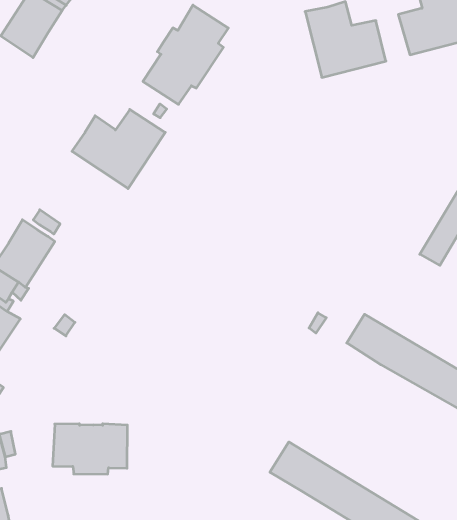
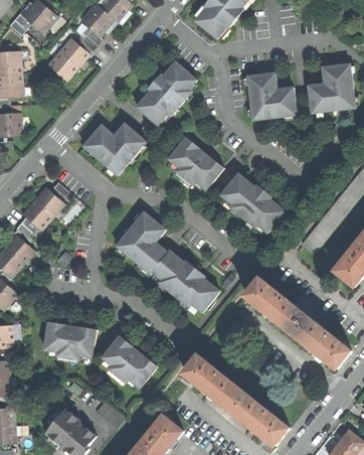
building: none -> [168,137,223,189]
building: none -> [220,173,285,233]
building: none -> [116,211,219,312]
building: none -> [102,335,157,388]

